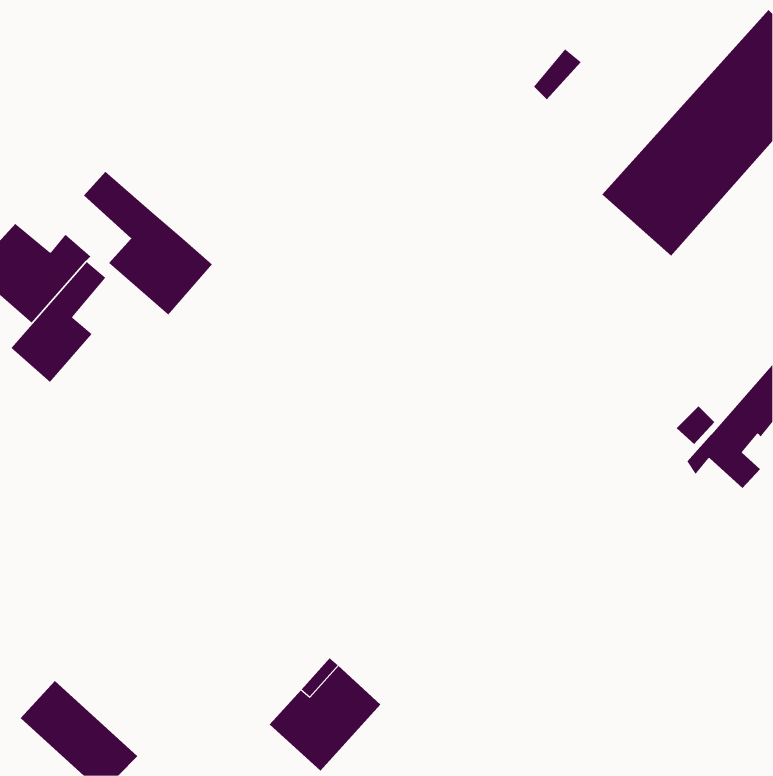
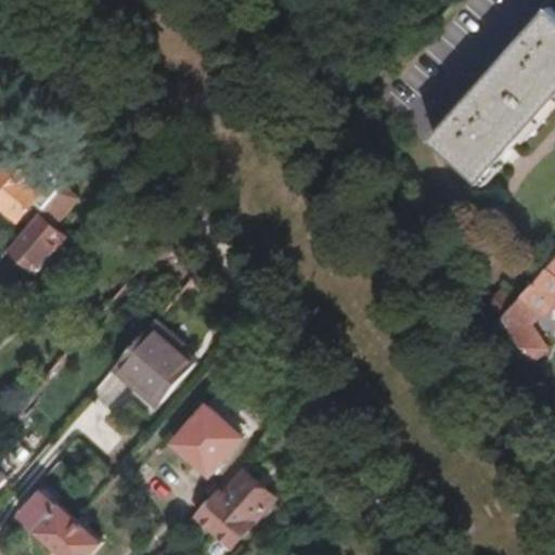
building: [83,171,213,316] -> none
building: none -> [109,322,193,404]
building: none -> [169,408,237,476]

